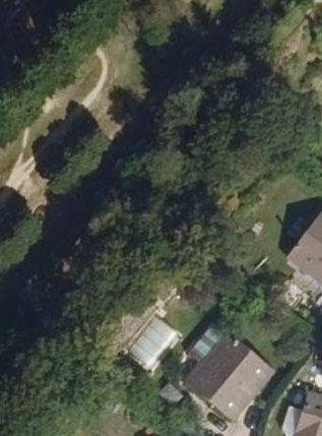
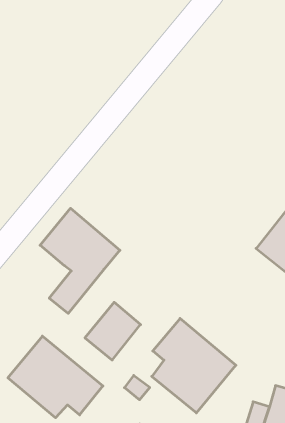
building: none -> [40,208,120,313]
building: none -> [8,336,103,418]

